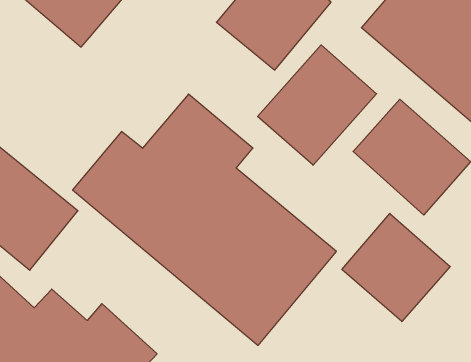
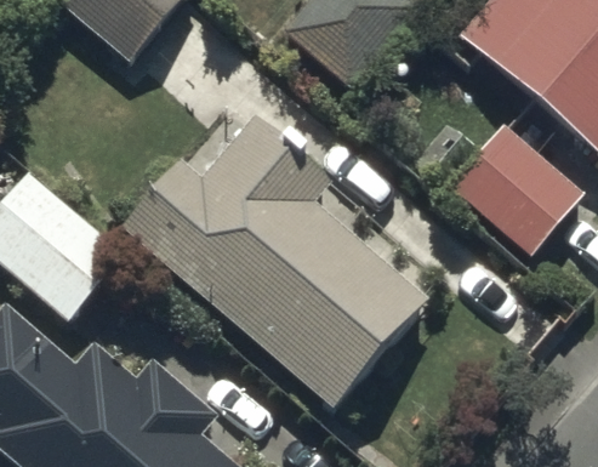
building: [258,45,377,165] -> none
building: [342,213,450,322] -> none

